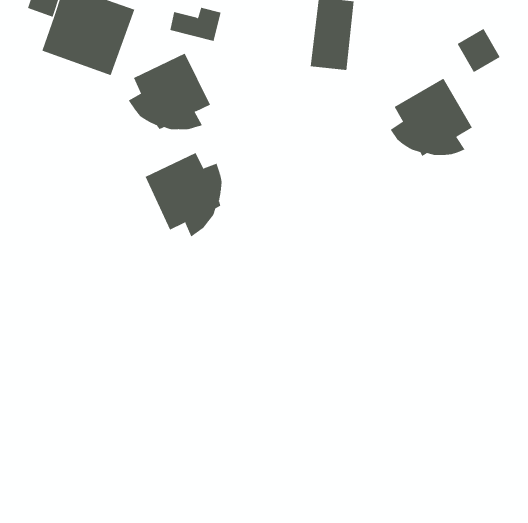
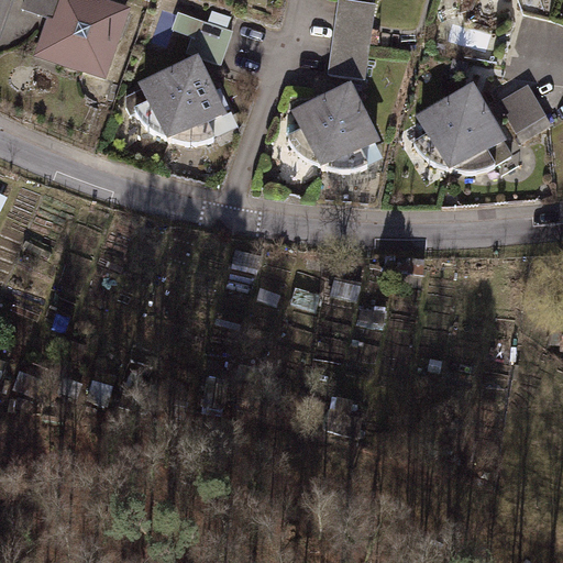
building: [457,28,501,73] -> [497,80,543,128]
building: none -> [286,84,375,165]
building: [145,152,222,237] -> none

